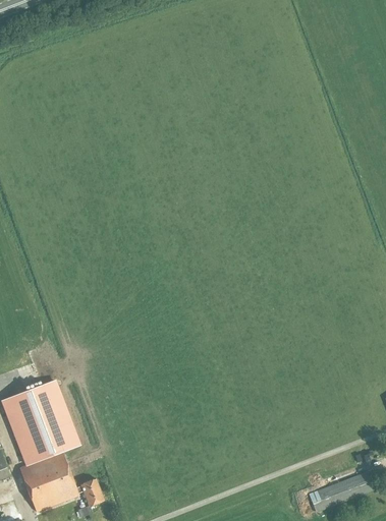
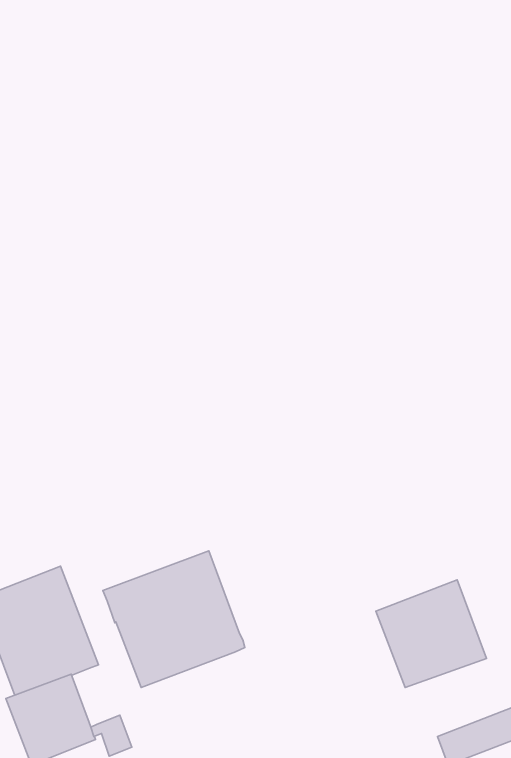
building: none -> [103,551,245,688]
building: none -> [376,580,486,687]

